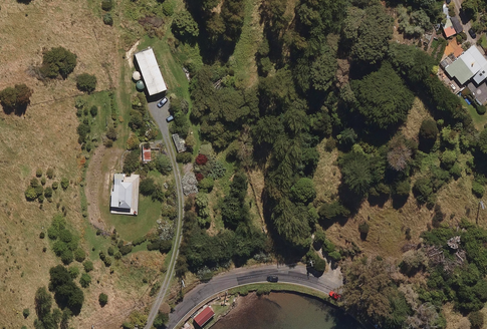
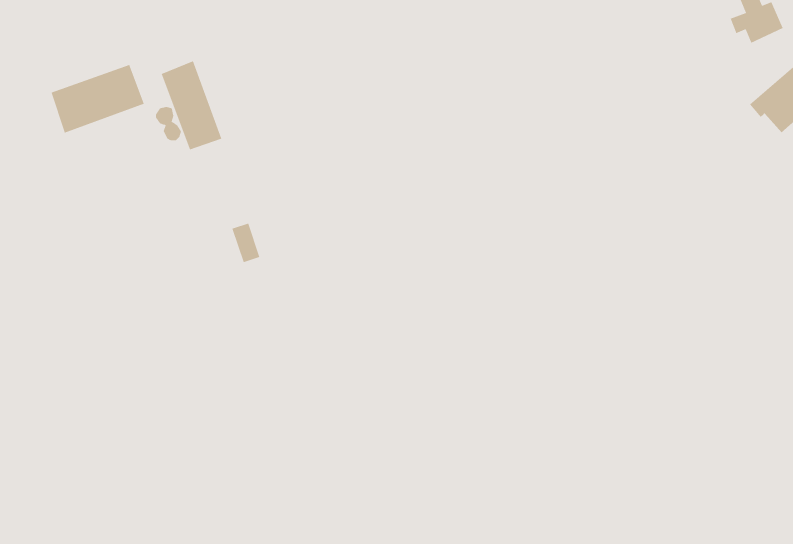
building: none -> [51,64,144,133]
building: [110,174,133,208] -> none

